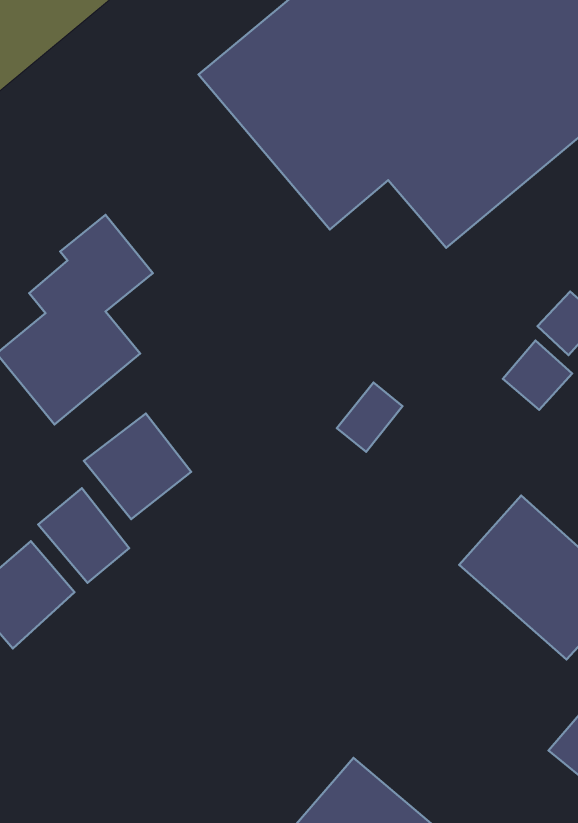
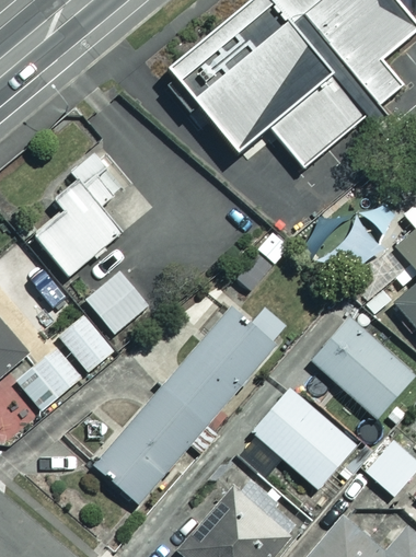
building: none -> [93,311,273,502]
building: none -> [252,387,355,488]

